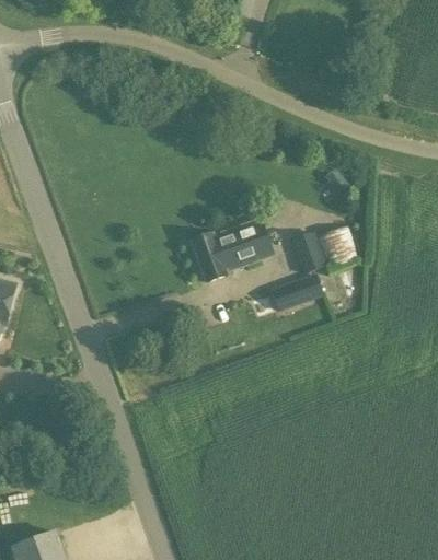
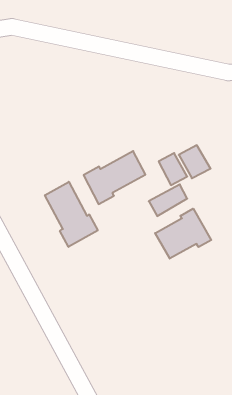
building: none -> [45,182,98,247]
building: none -> [155,209,211,259]

